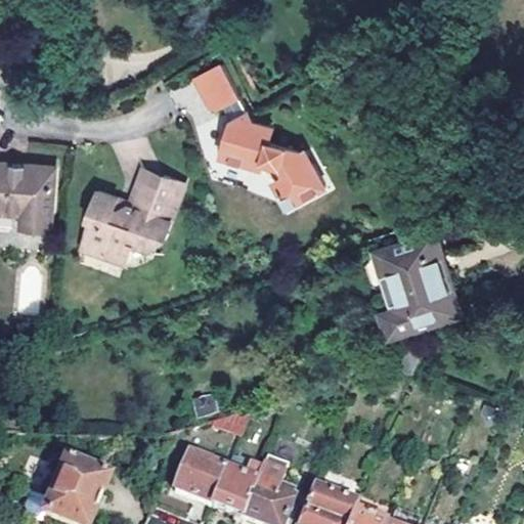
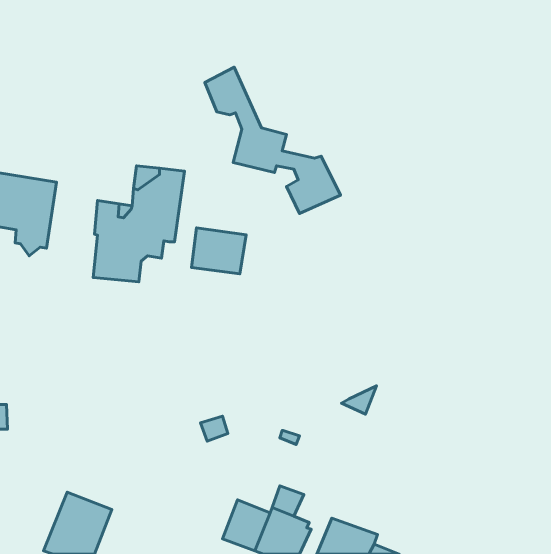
building: none -> [191,228,246,274]
building: [378,233,460,340] -> none
building: [174,457,224,509] -> none

